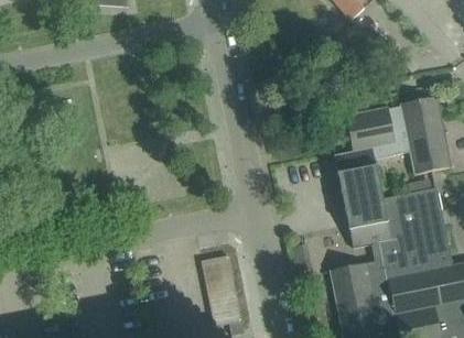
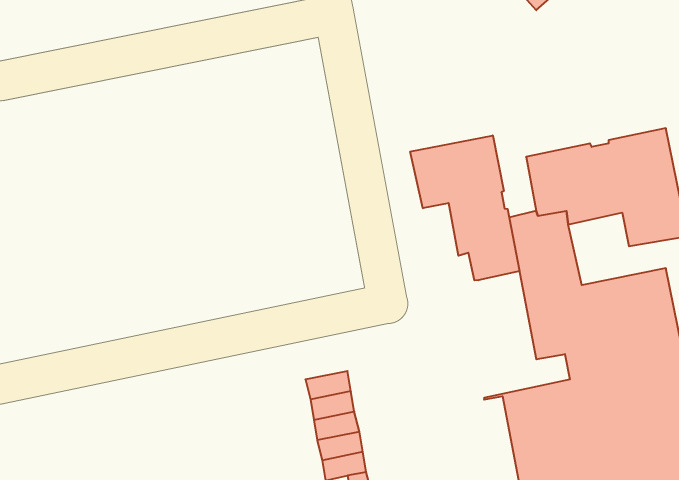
building: none -> [410,135,519,280]

